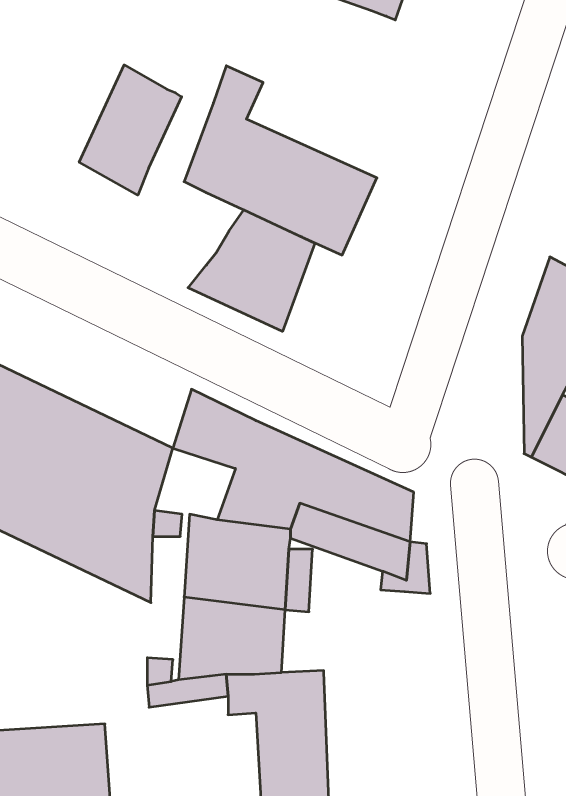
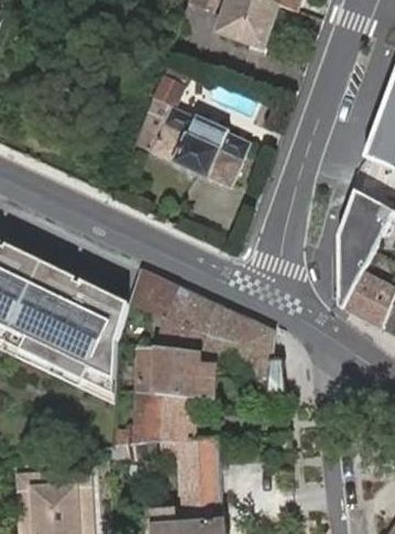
building: [79,65,182,195] -> none
building: [188,210,315,331] -> none

